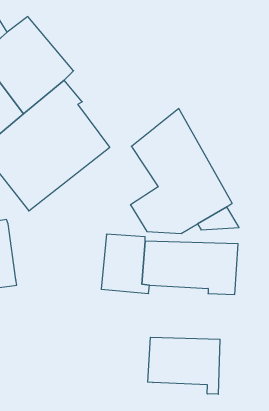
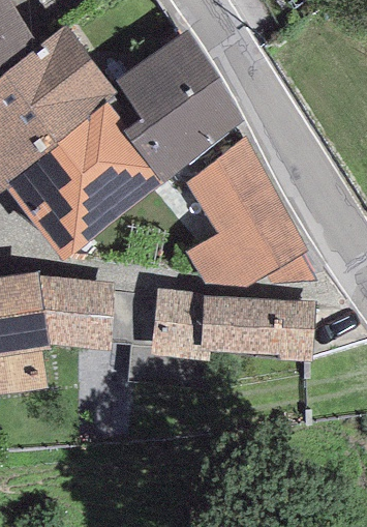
building: none -> [114,28,242,183]
building: none -> [38,275,113,350]
building: [148,337,220,394] -> none

